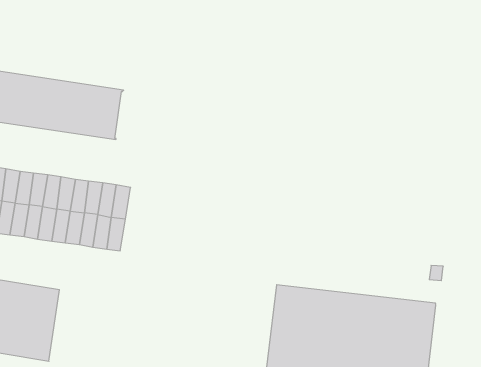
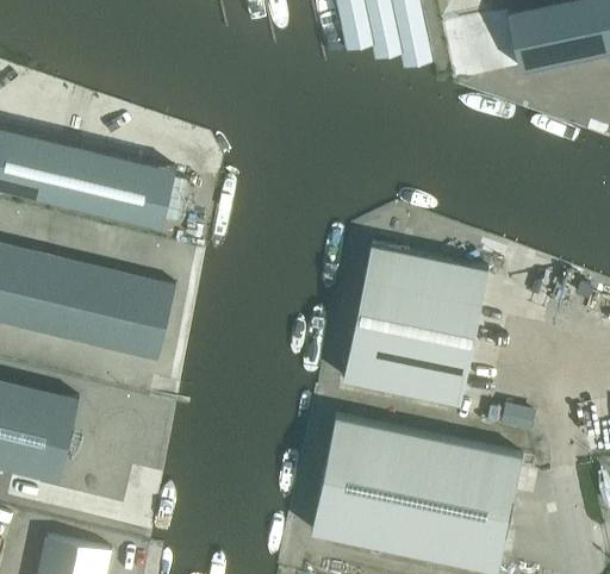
building: none -> [343,247,486,406]

